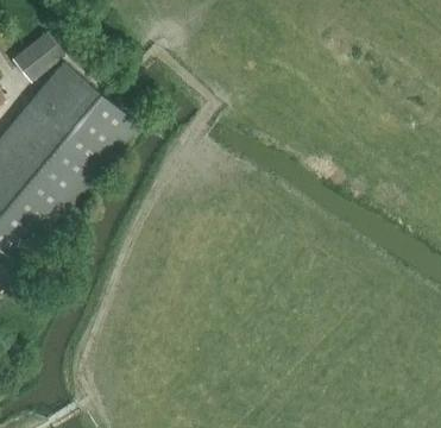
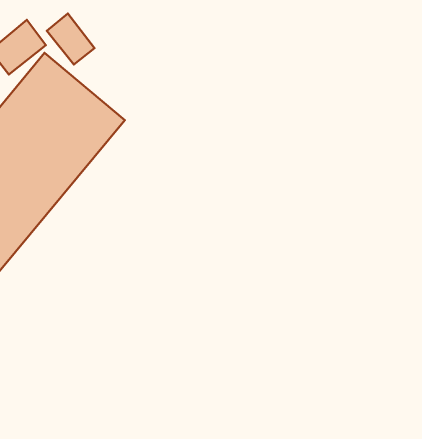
building: none -> [47,13,94,65]

